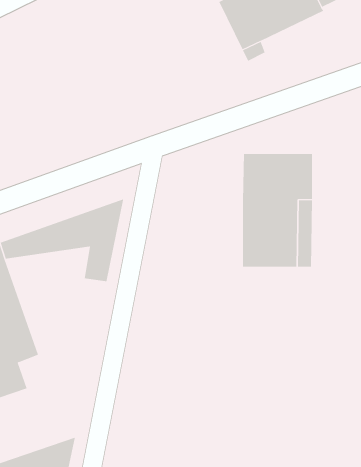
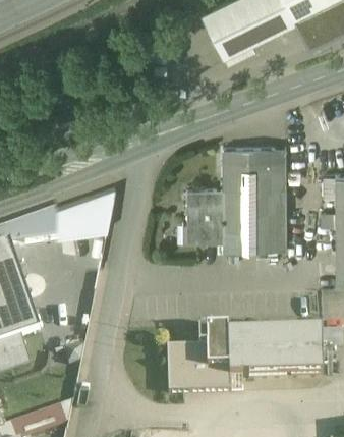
building: none -> [187,186,224,239]
building: none -> [168,325,324,391]

